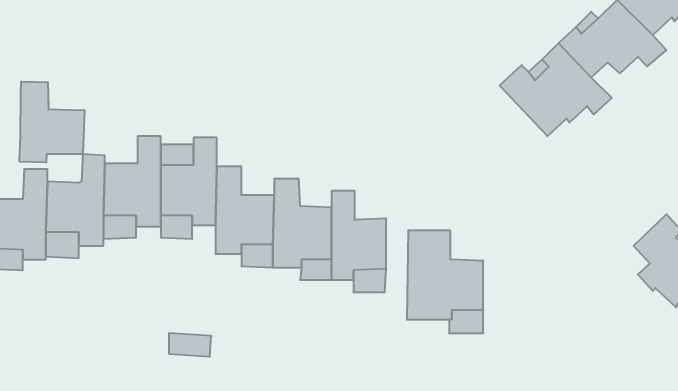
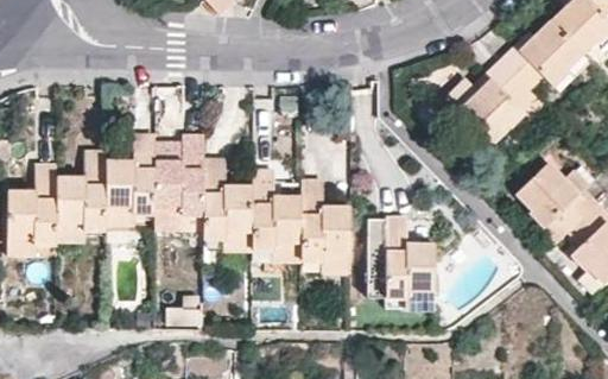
building: [20,81,85,163] -> none
building: none -> [514,164,595,233]

